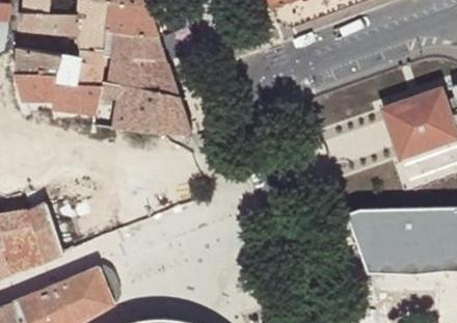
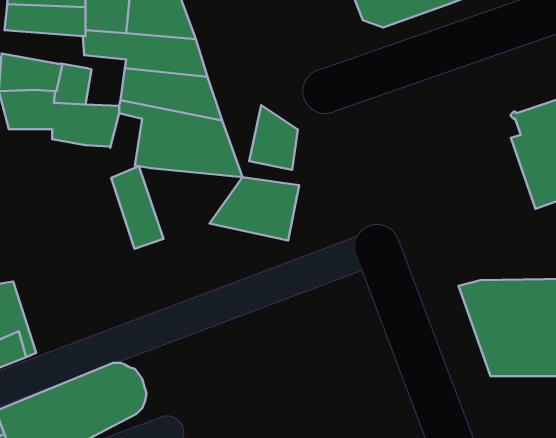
building: [76,47,106,83] -> none
building: none -> [249,105,298,170]
building: none -> [209,177,299,241]
building: [25,200,62,260] -> [111,166,164,249]

